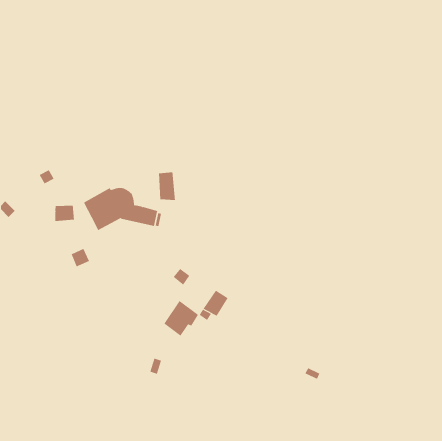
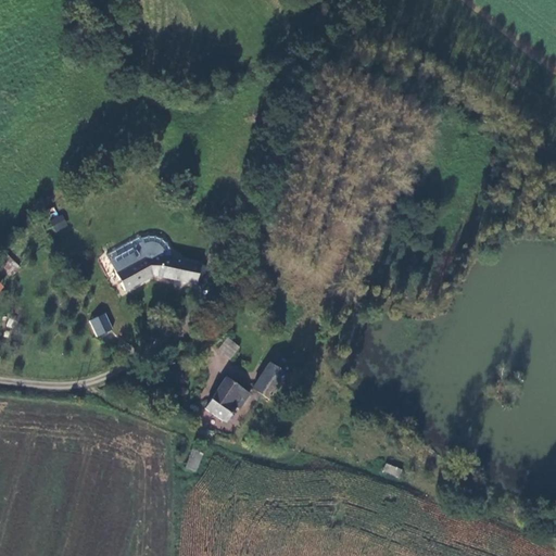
building: [158,172,175,201] -> none
building: [55,205,74,222] -> none

